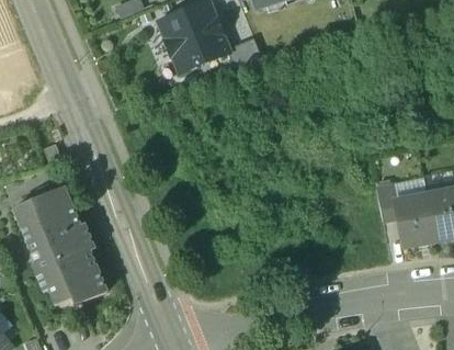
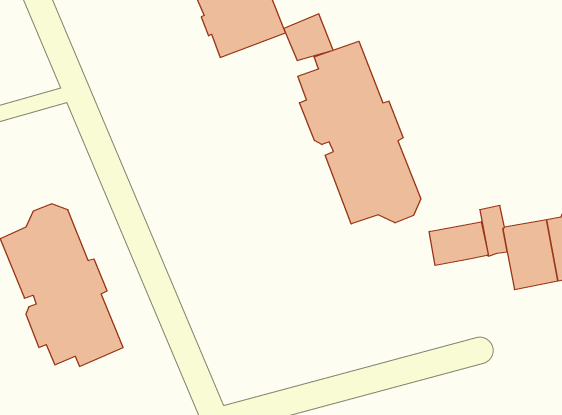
building: none -> [298,41,421,224]
building: none -> [429,222,488,265]

